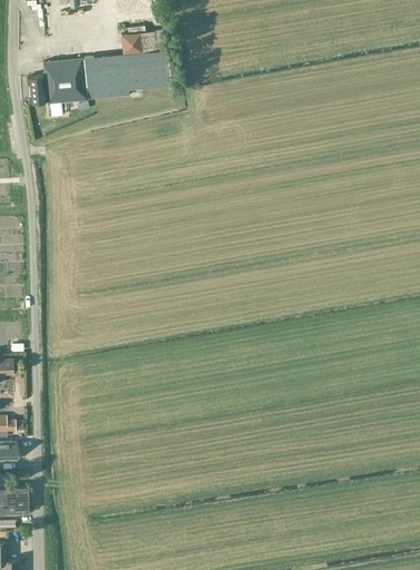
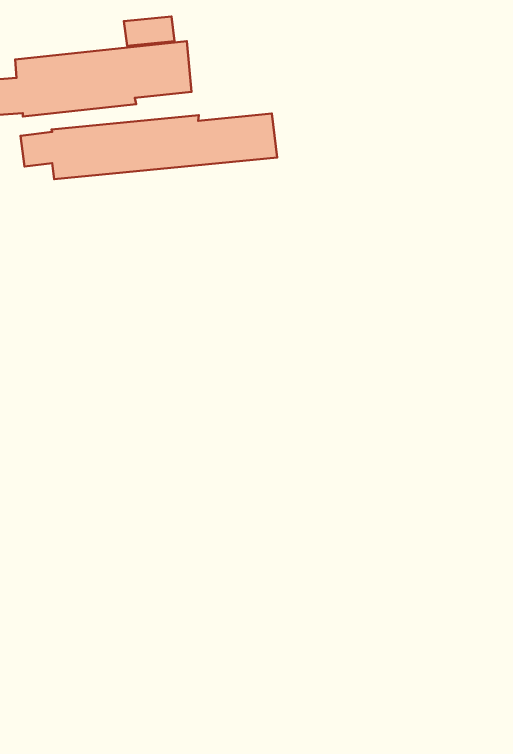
building: none -> [21,114,277,179]

